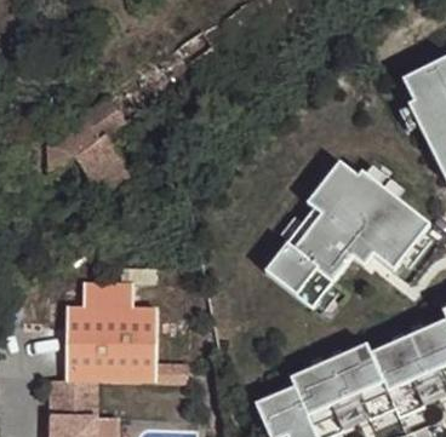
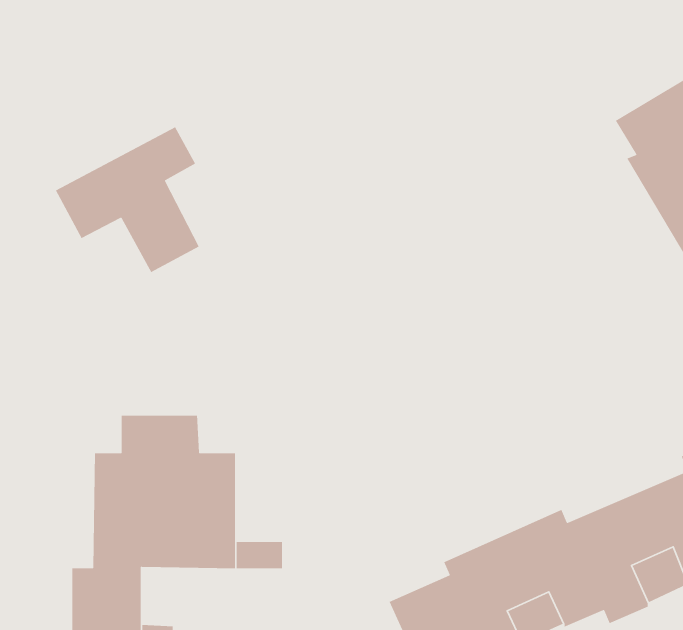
building: [270,165,439,307] -> none

